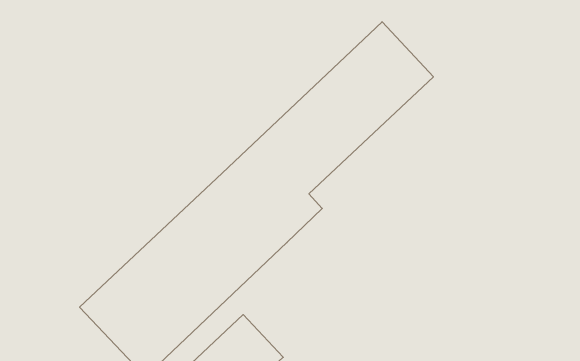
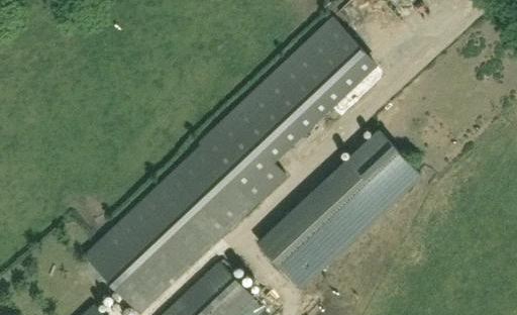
building: none -> [257,130,422,291]

